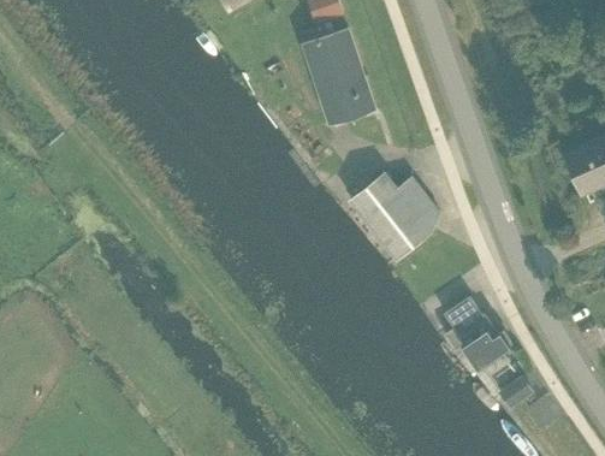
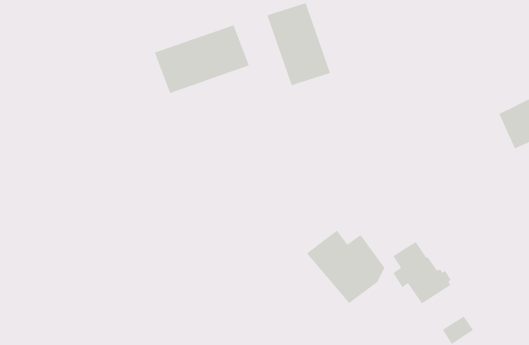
building: none -> [154,24,249,94]
building: [350,173,439,256] -> [306,230,385,304]

